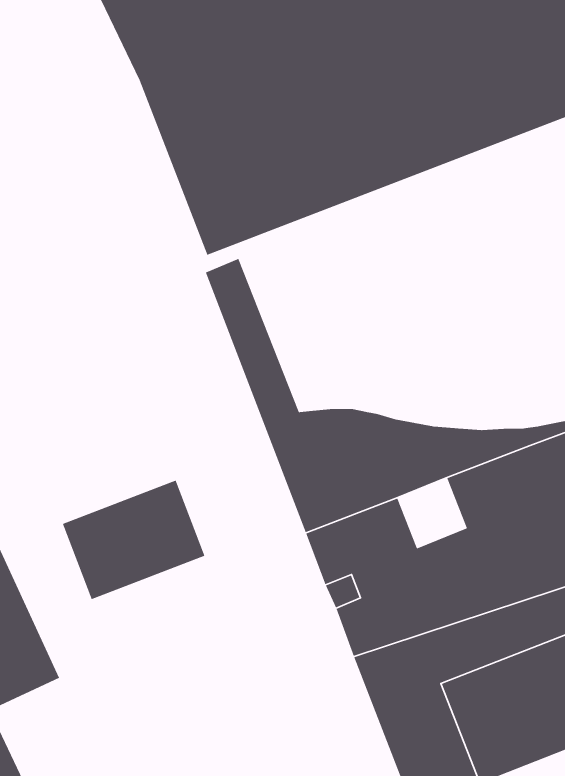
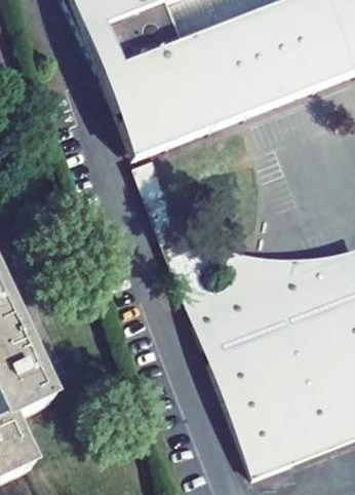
building: none -> [246,287,285,327]
building: [62,479,206,600] -> none

